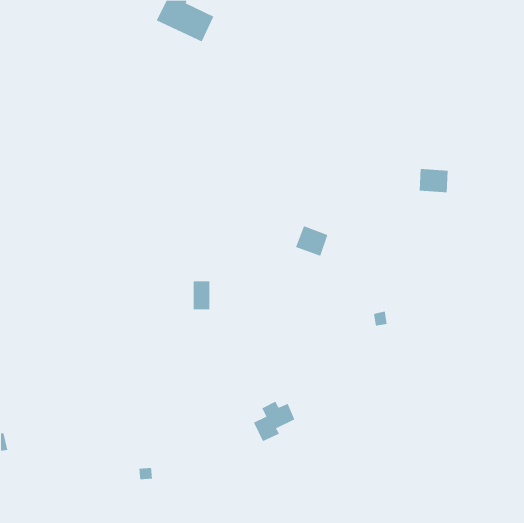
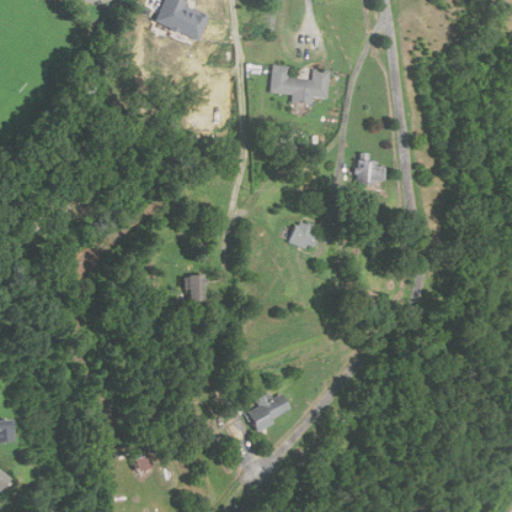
building: none -> [269,66,329,104]
building: [419,168,449,193] -> [355,161,384,185]

